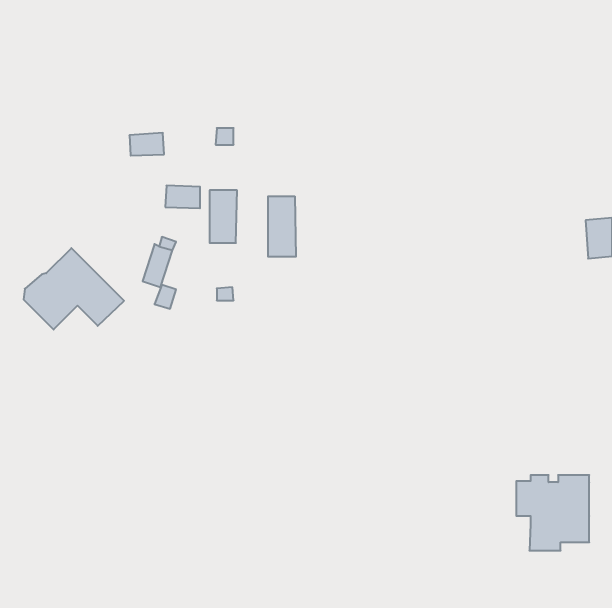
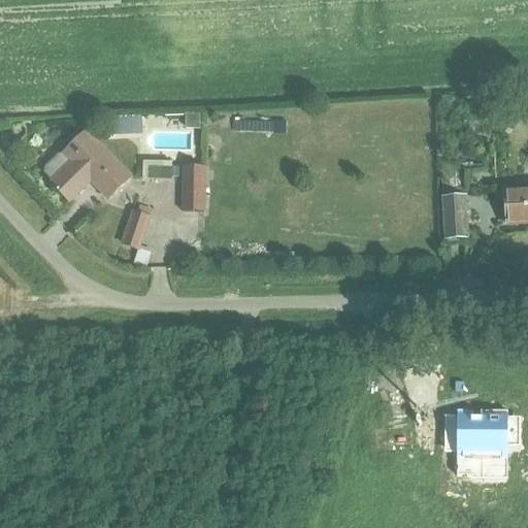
building: [268,196,296,257] -> none
building: none -> [441,187,467,237]
building: [24,248,124,330] -> [43,130,130,200]

